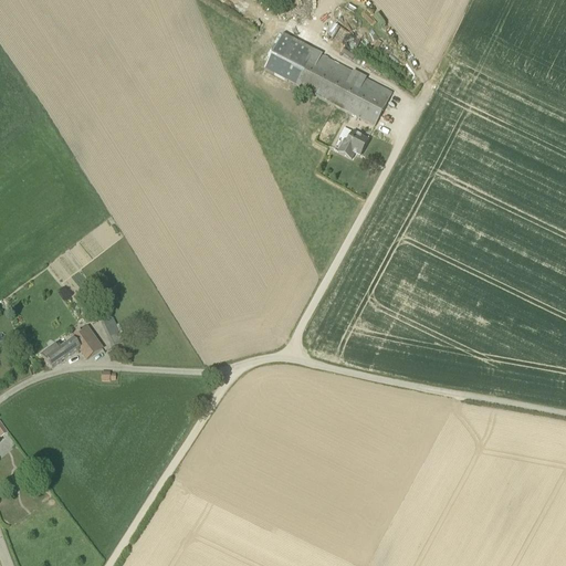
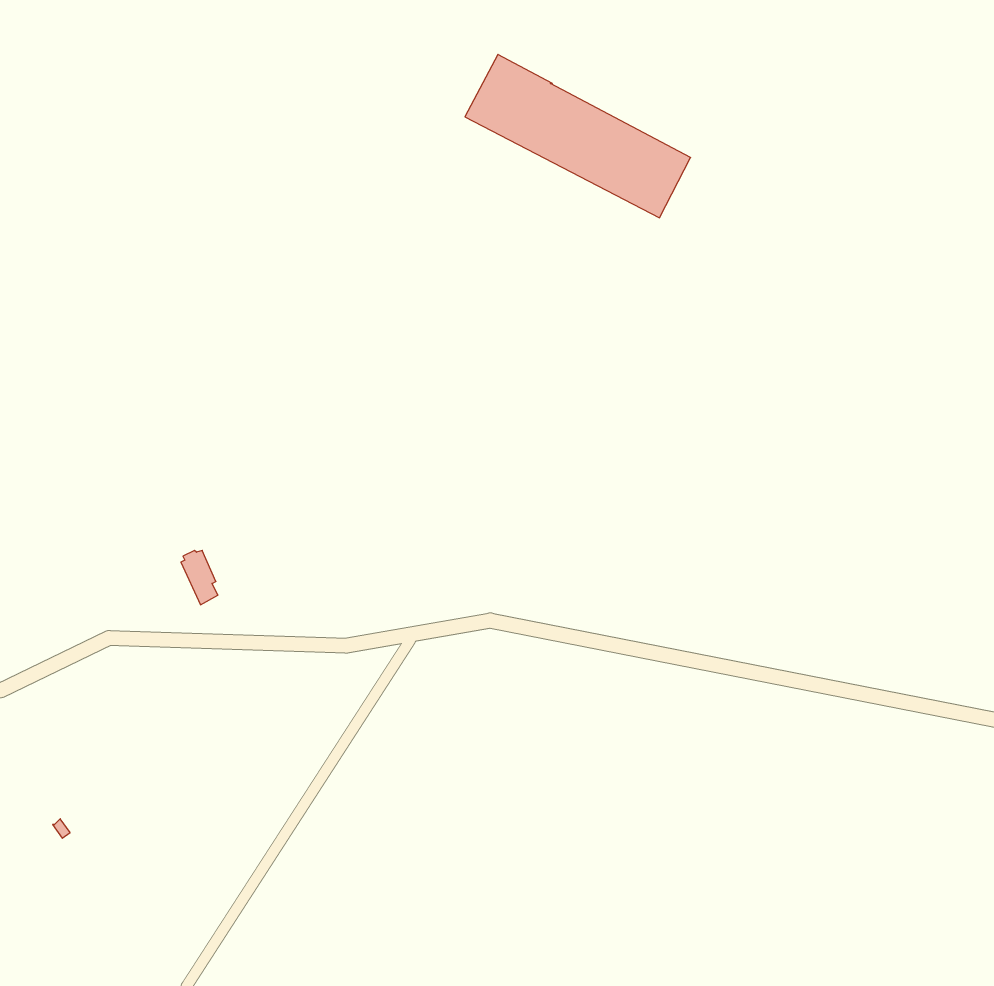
building: [337,128,368,156] -> none
building: [43,324,102,366] -> none

